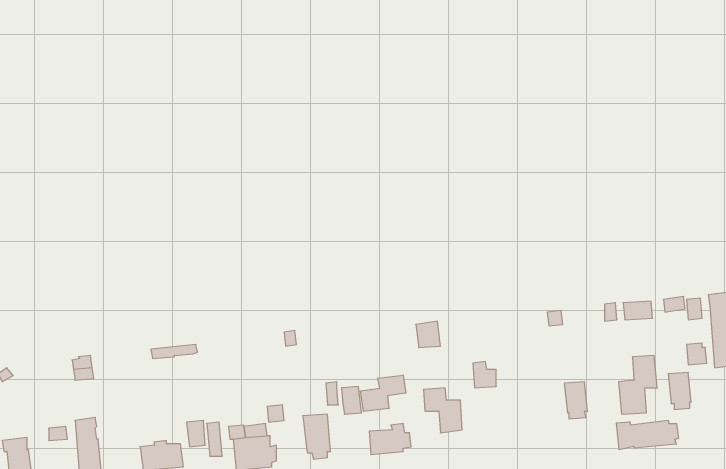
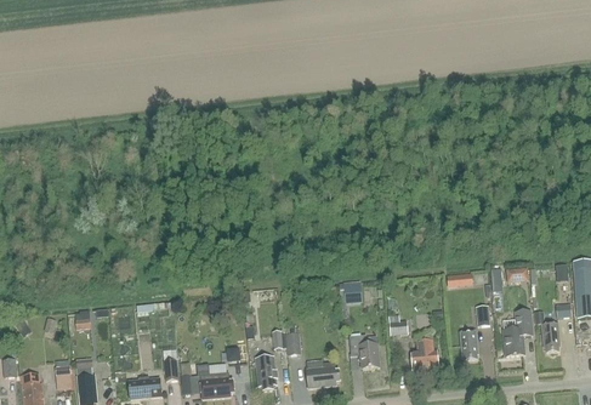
building: [360,375,406,411] -> none
building: none -> [410,340,438,372]
building: [616,420,678,450] -> none

